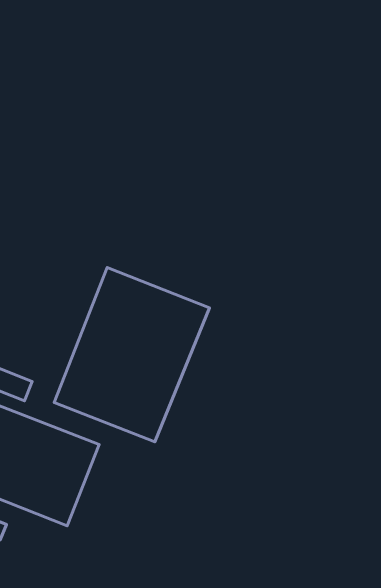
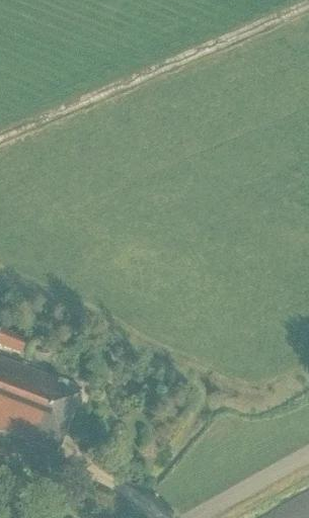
building: [54,268,209,442] -> none

